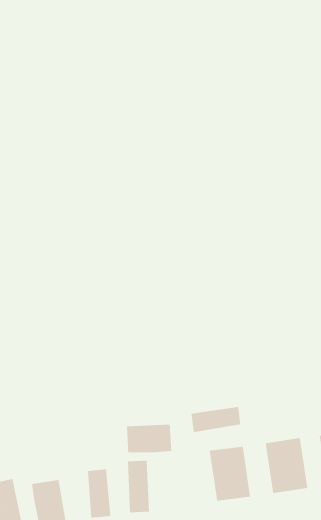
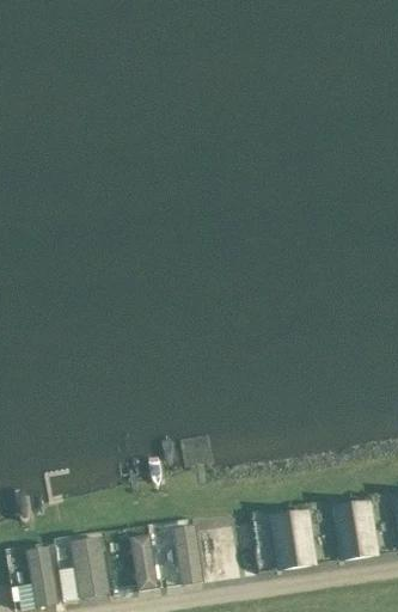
building: [191,406,241,433] -> none
building: [126,424,172,453] -> none

